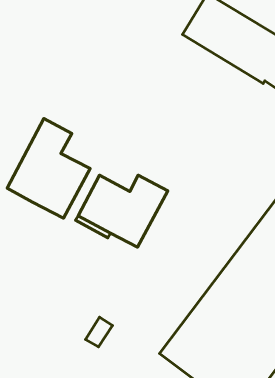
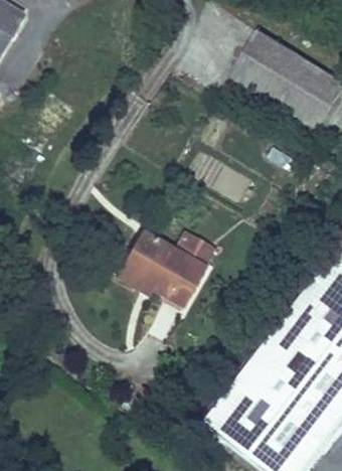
building: [7,119,90,218] -> none

